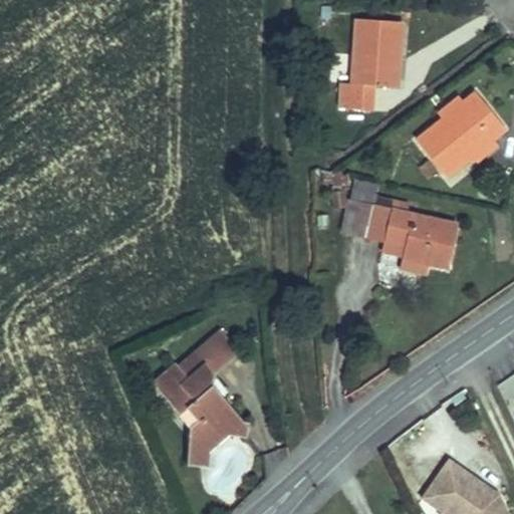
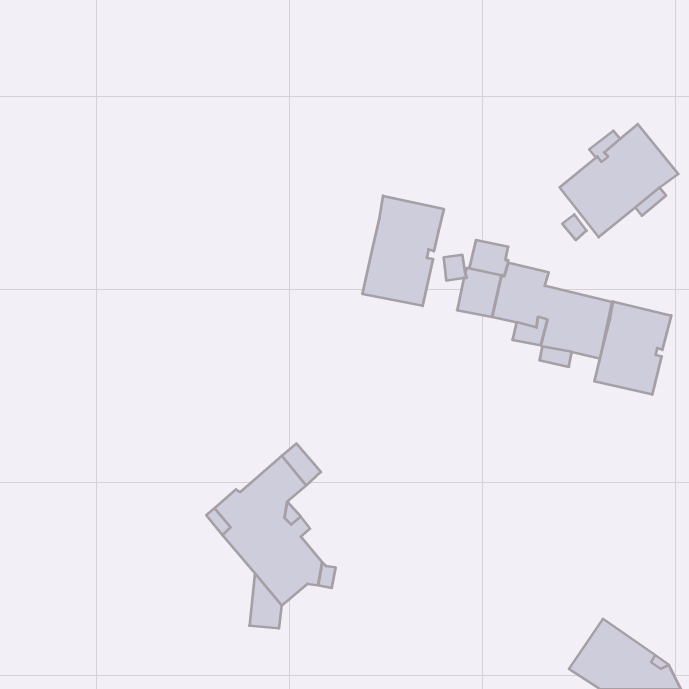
building: [338,18,401,110] -> none
building: none -> [363,196,444,306]
building: none -> [594,301,671,395]

